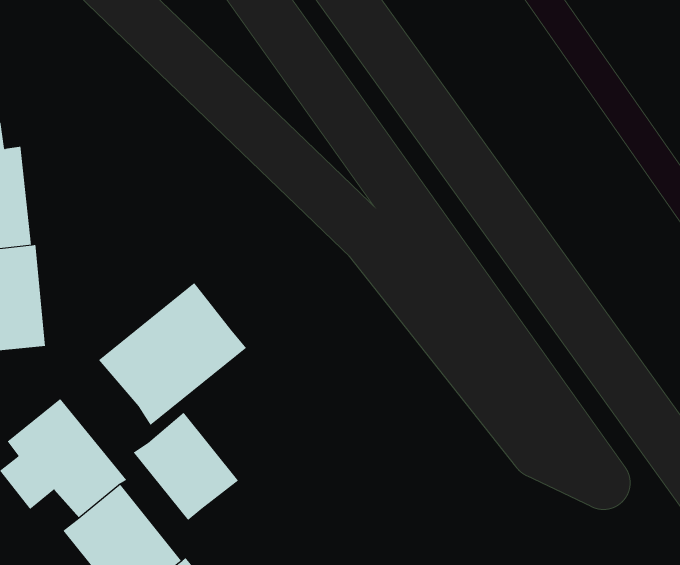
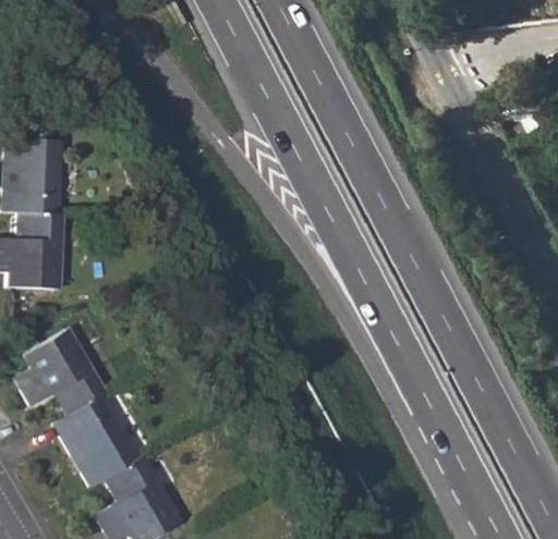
building: [98,282,247,426] -> none
building: [133,412,239,521] -> none

